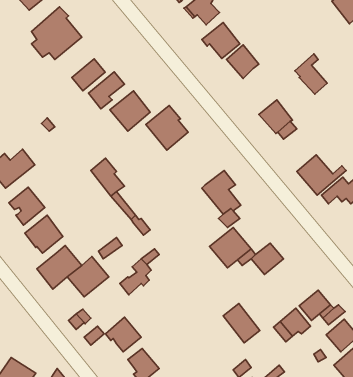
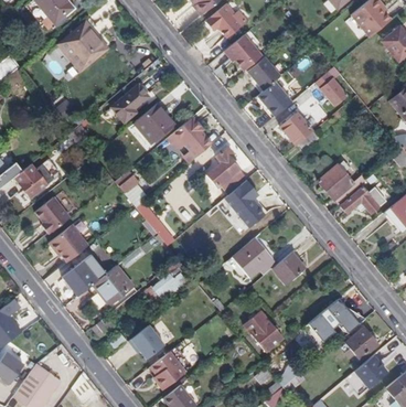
building: [72,59,105,91] -> none
building: none -> [256,79,293,116]
building: none -> [206,148,247,194]

